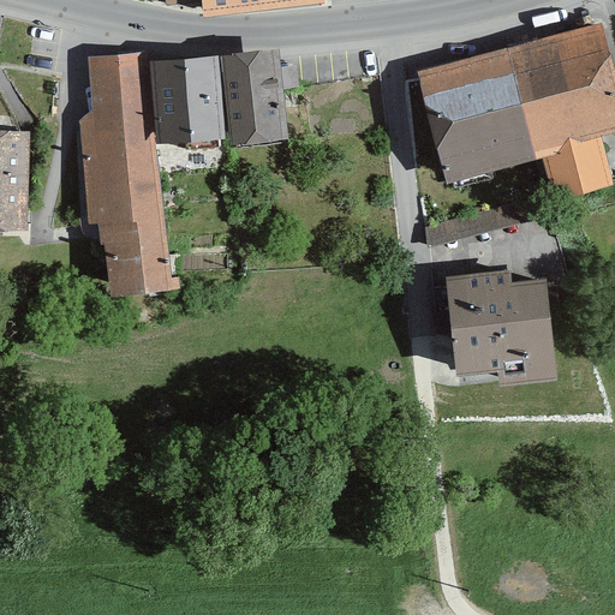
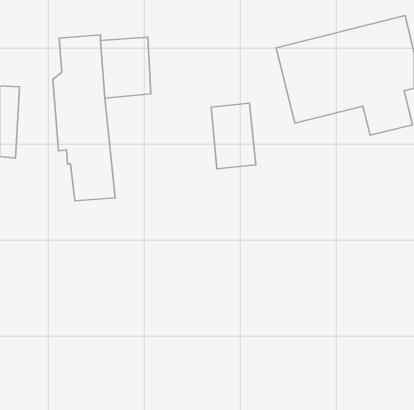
building: [222,50,288,148] -> [211,103,256,169]
building: [444,269,557,388] -> none

